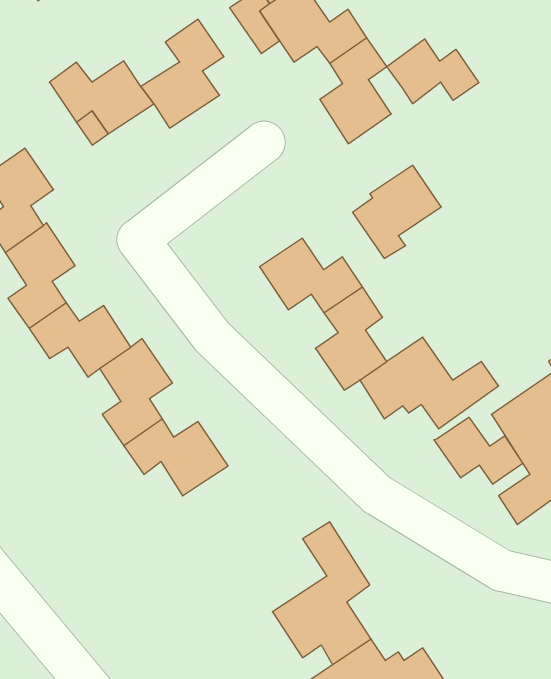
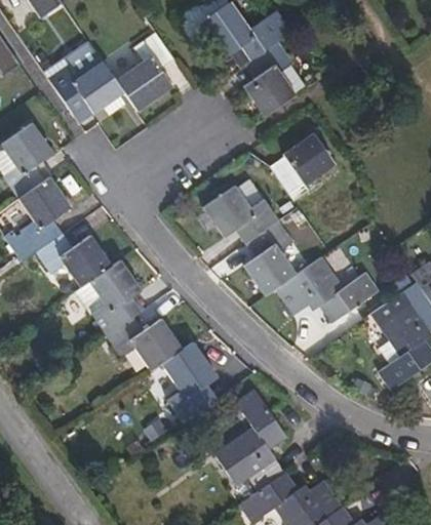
building: [387,39,479,104] -> none
building: [434,417,523,484] -> none
building: none -> [161,342,215,422]

